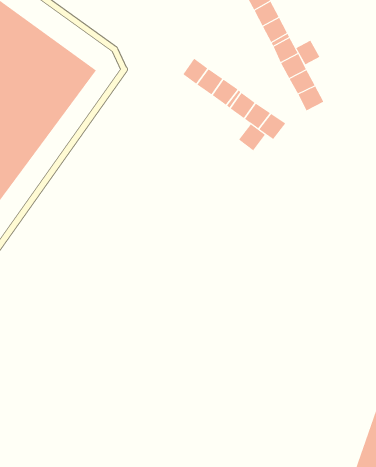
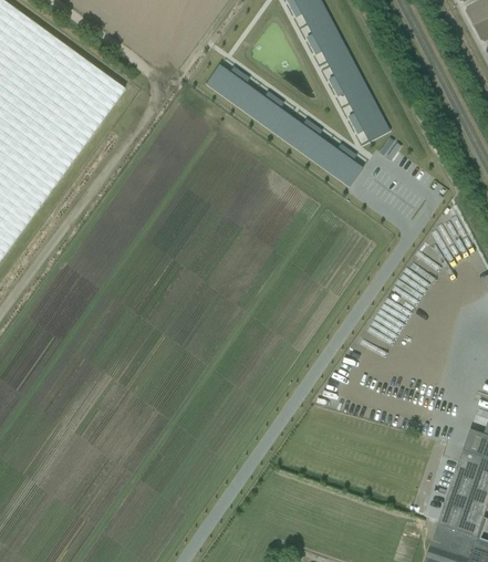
building: [296,40,320,65] -> none
building: none -> [206,64,237,96]
building: [238,123,266,151] -> [330,154,362,186]

